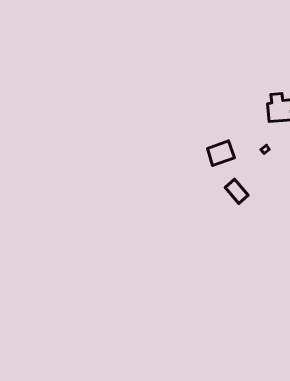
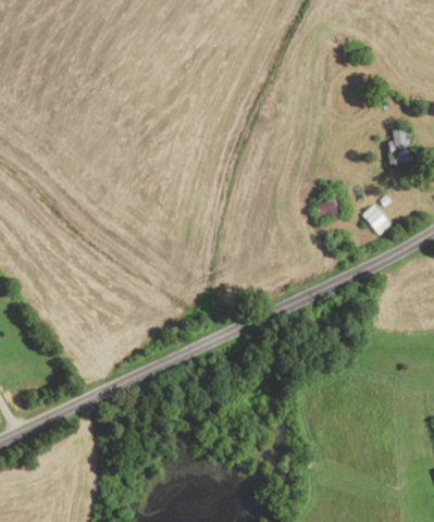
building: [225,179,248,204] -> [360,204,389,236]

